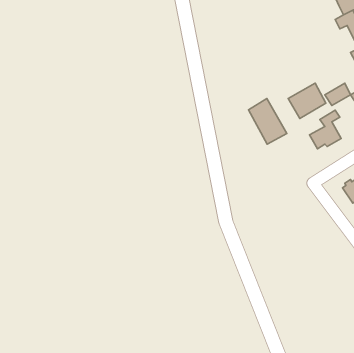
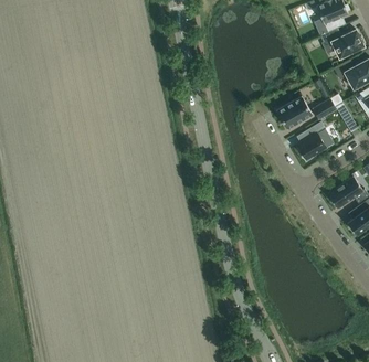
building: [248,98,287,144] -> none

